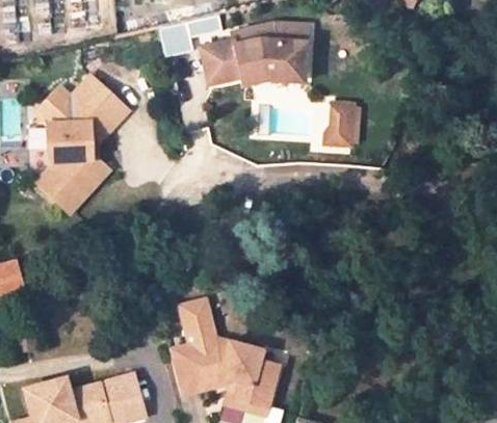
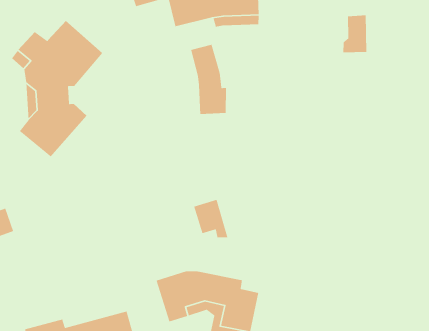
building: none -> [190,44,227,115]
building: [328,103,356,143] -> [343,14,367,53]
building: [181,297,216,340] -> [193,199,228,238]

